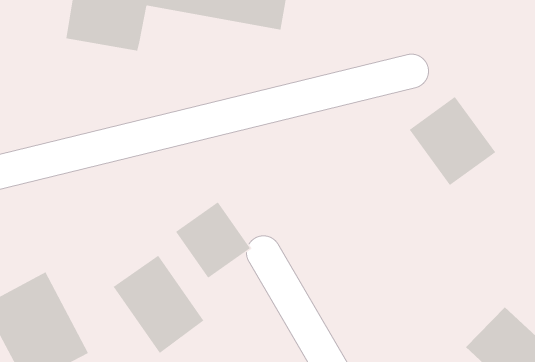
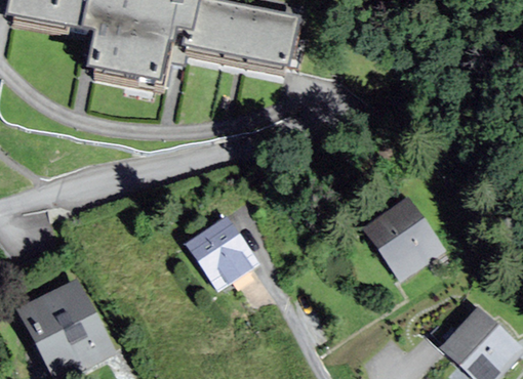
building: [409,96,496,186] -> [365,196,442,275]
building: [113,255,204,354] -> none

